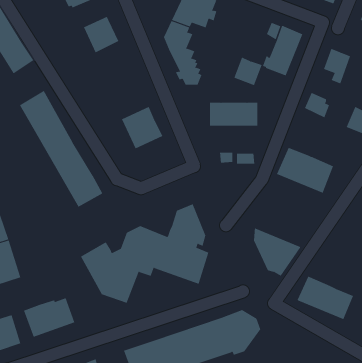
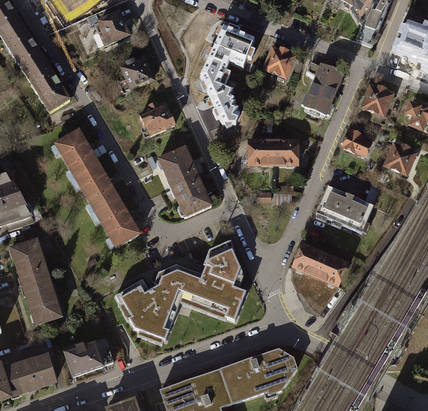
building: [234,57,263,86] -> [262,48,291,77]
building: none -> [139,103,172,134]
building: none -> [172,174,213,215]
building: [297,276,354,320] -> [290,240,347,284]

